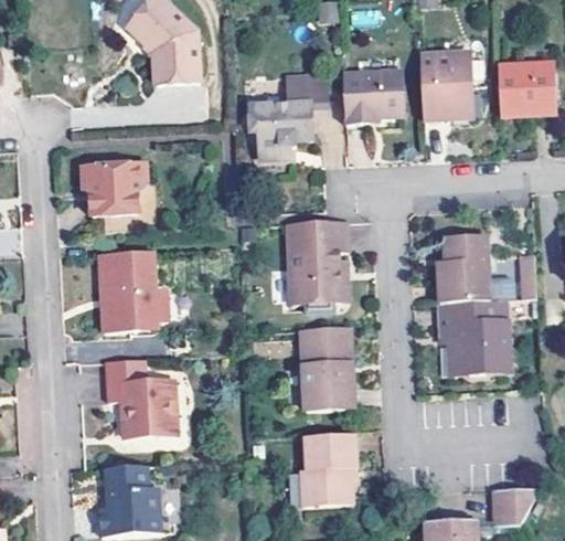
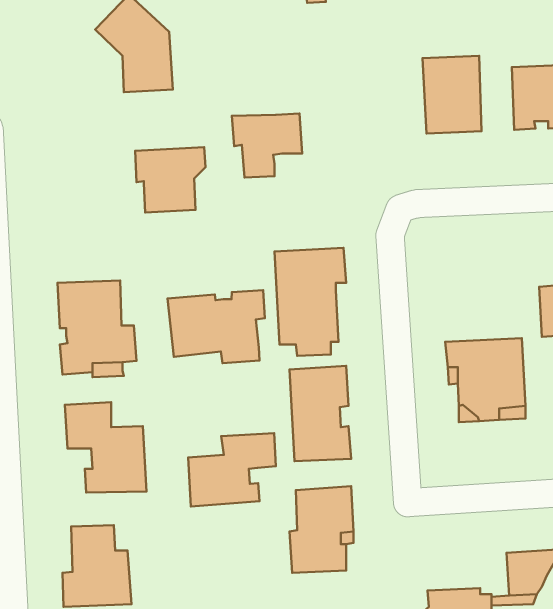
building: [343,68,397,123] -> none
building: [288,74,327,104] -> none
building: [86,160,148,218] -> [135,147,205,212]
building: [436,232,516,304] -> none
building: none -> [167,290,265,363]
building: none -> [188,433,276,507]

